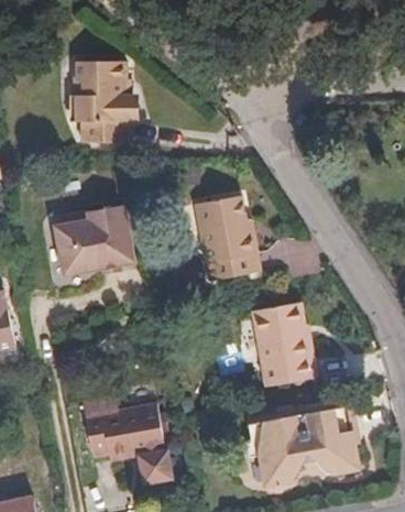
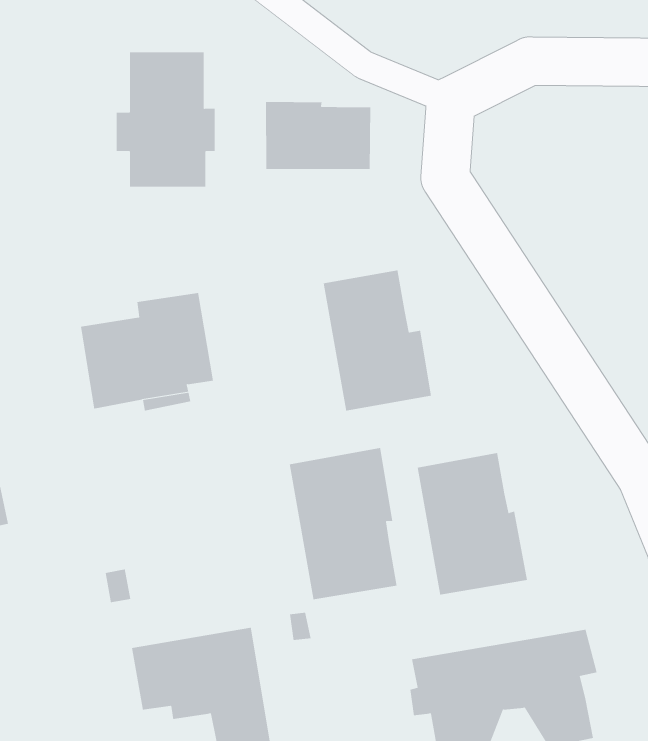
building: none -> [265,101,371,170]
building: none -> [289,447,397,600]

